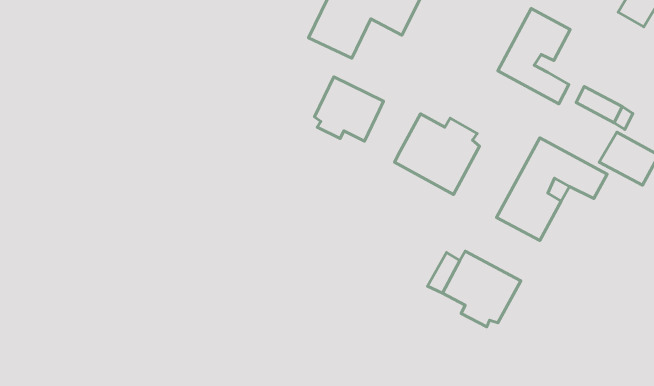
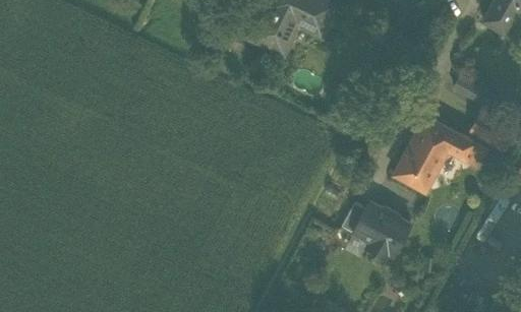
building: [498,8,570,104] -> none
building: [315,77,383,141] -> none
building: [395,114,480,195] -> none

